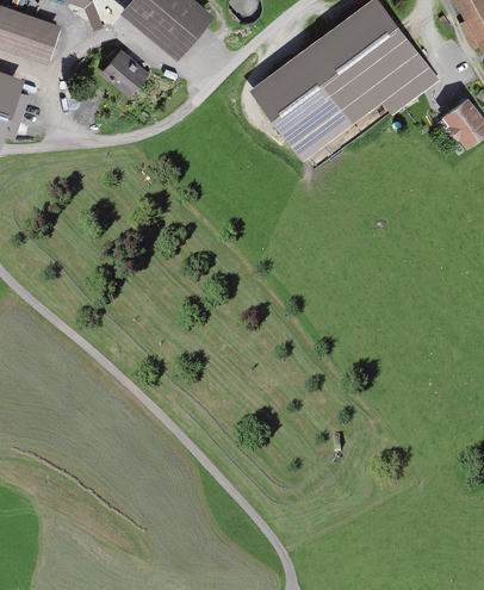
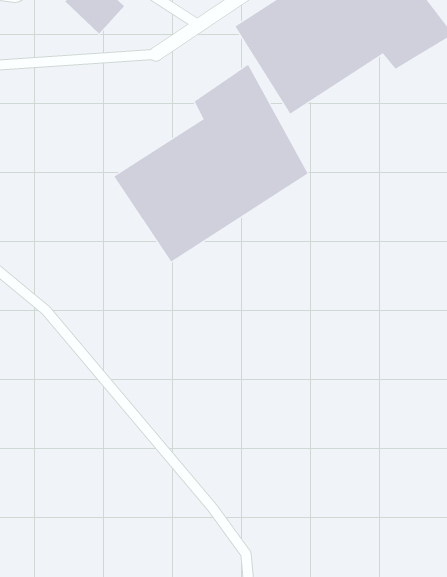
building: none -> [114,64,308,262]

